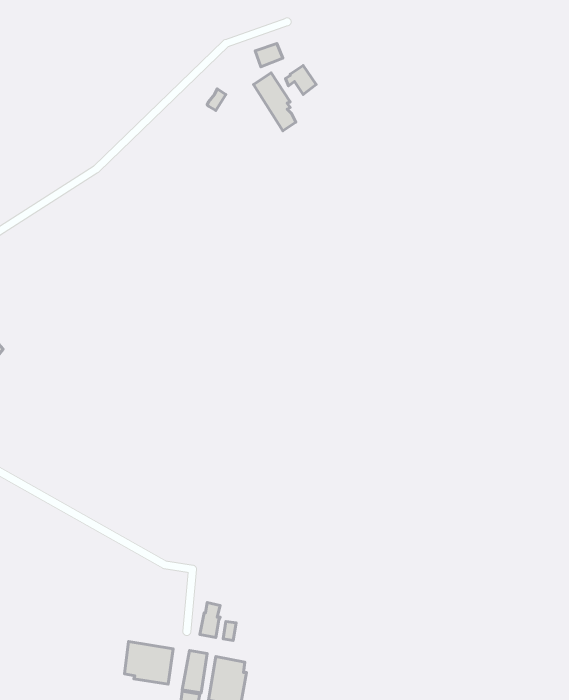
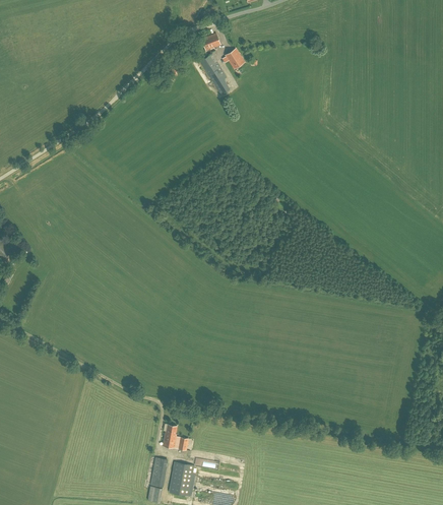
building: [124,642,173,684] -> none

